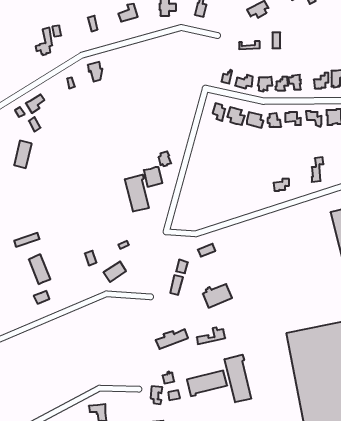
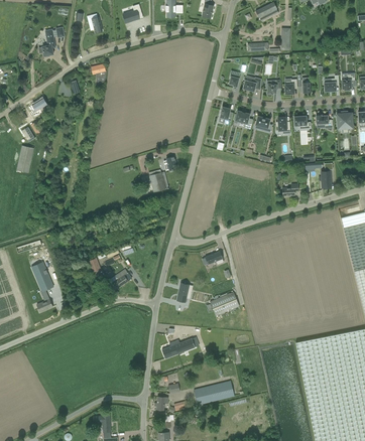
building: [125,175,149,212] -> none
building: [225,355,251,402] -> none

